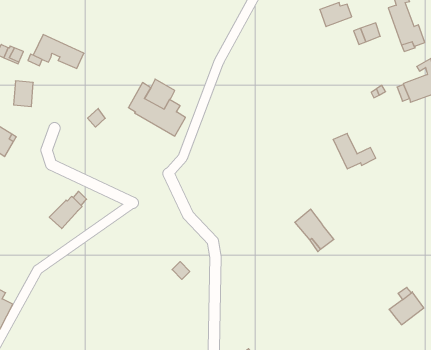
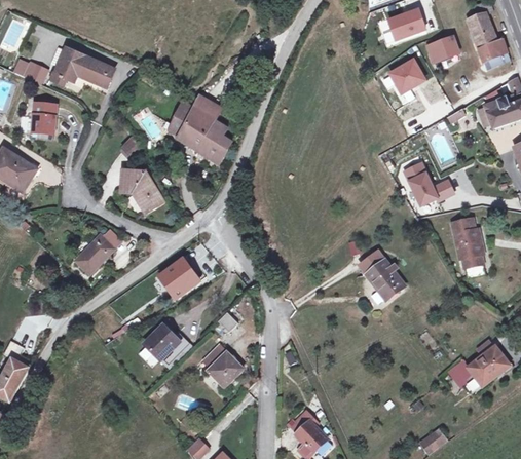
building: none -> [389,60,424,93]
building: none -> [122,171,163,208]
building: none -> [452,219,482,266]
building: none -> [158,259,198,298]
building: none -> [144,324,190,369]
building: none -> [203,345,241,386]
building: none -> [447,358,476,388]

